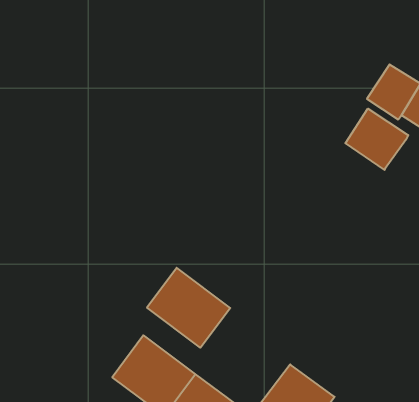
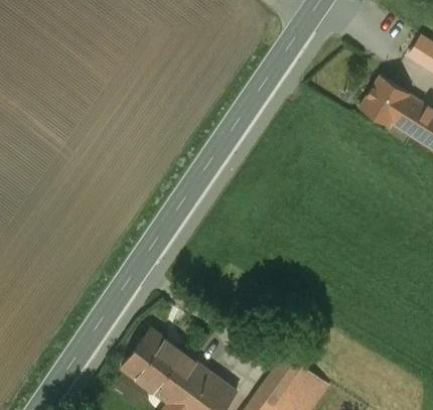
building: [345,109,408,170] -> none
building: [147,268,230,348] -> none

